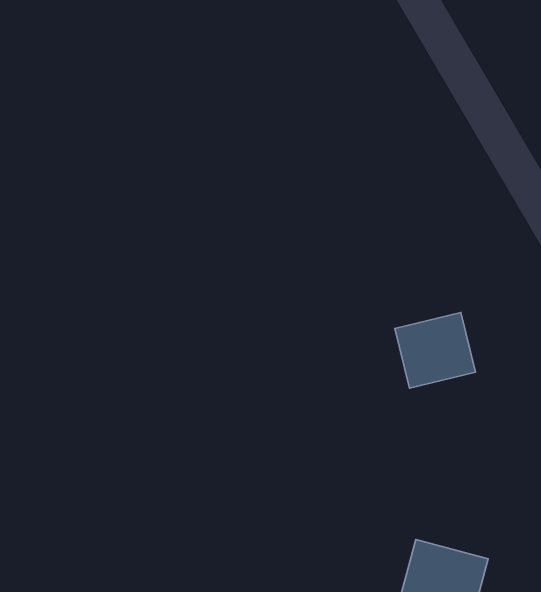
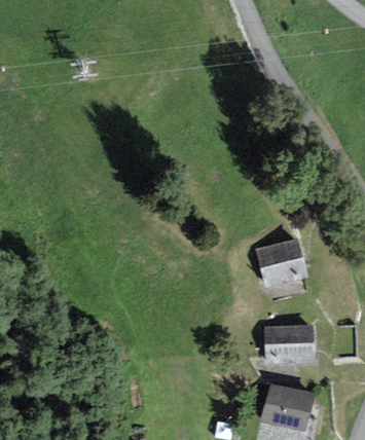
building: none -> [264,325,316,364]

